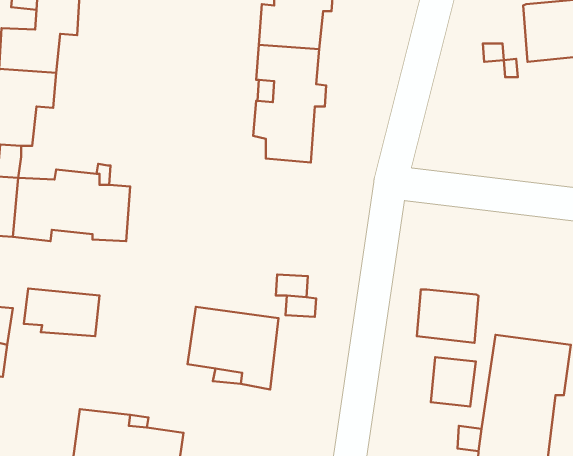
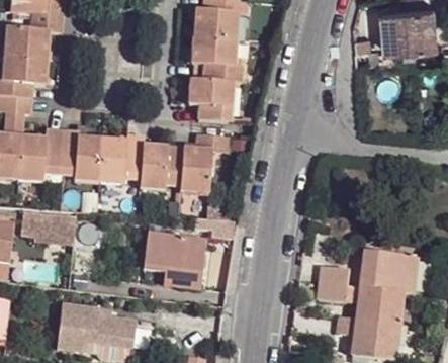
building: none -> [96,134,229,194]
building: [417,289,479,343] -> none

